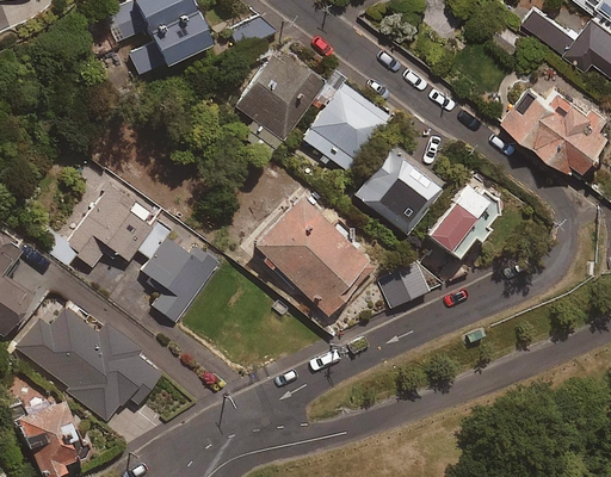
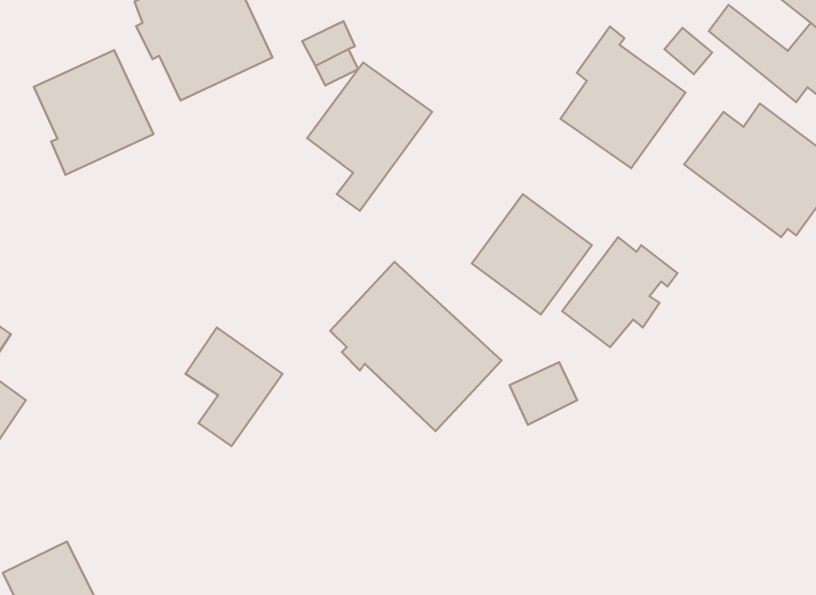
building: none -> [34,50,153,175]
building: [303,73,394,175] -> [560,27,685,168]
building: [42,180,171,270] -> none
building: [21,304,161,423] -> none

